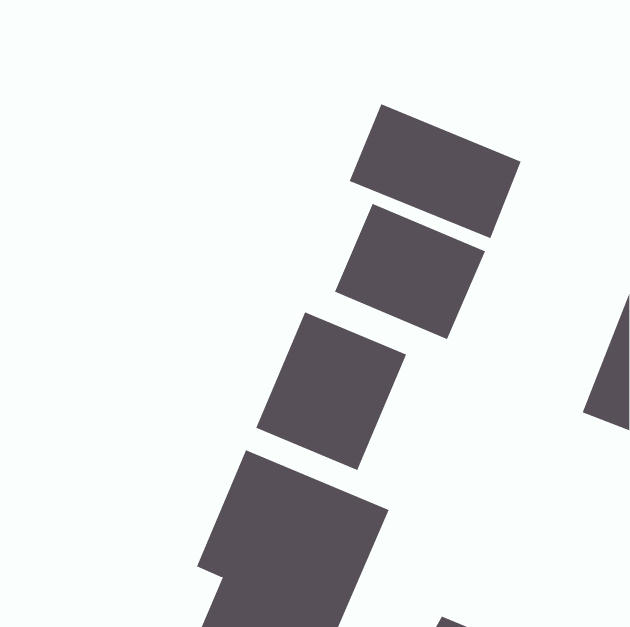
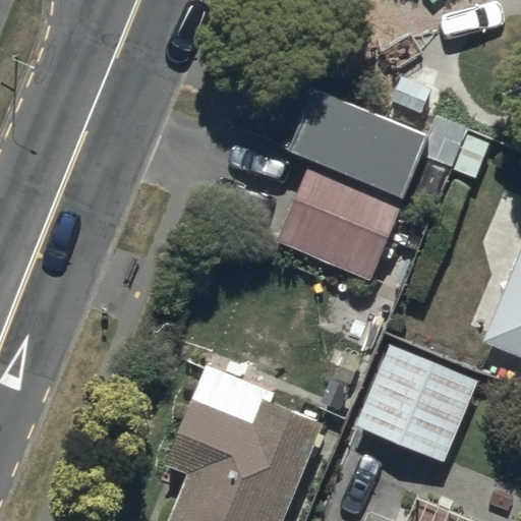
building: [255,312,407,471] -> none
building: none -> [355,344,478,464]

